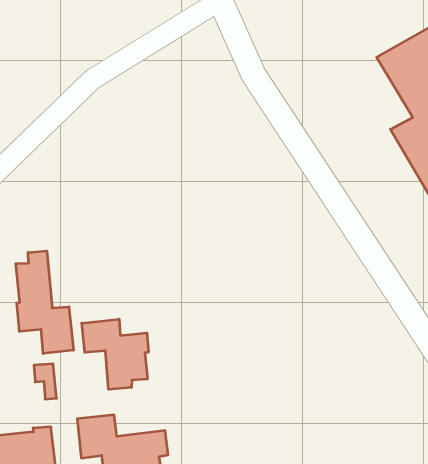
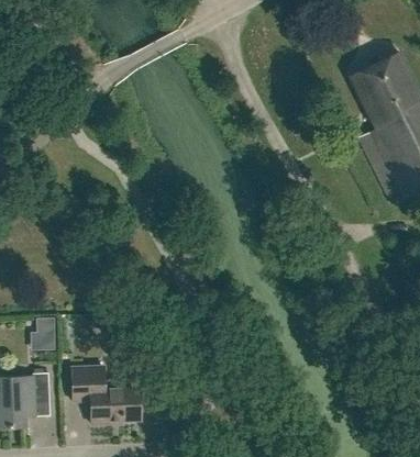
building: [16,251,73,354] -> none
building: [82,319,148,389] -> none

